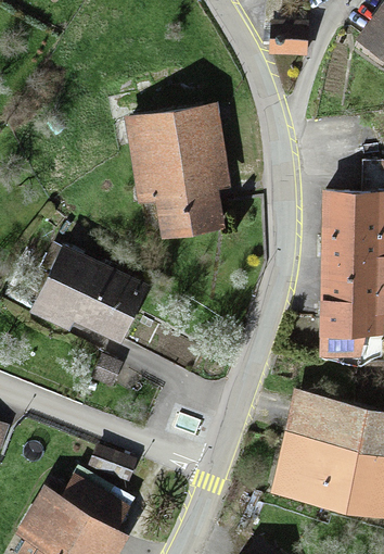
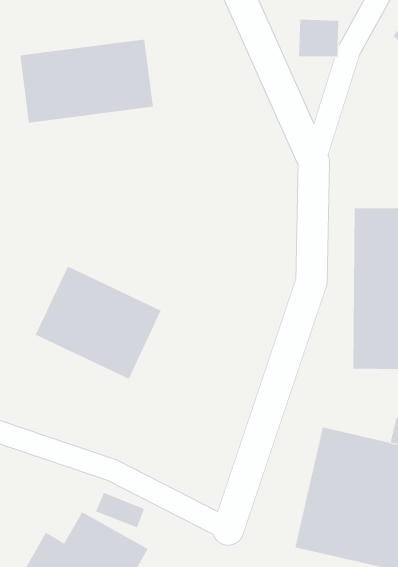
building: none -> [20,39,153,123]
building: [125,103,230,236] -> none

